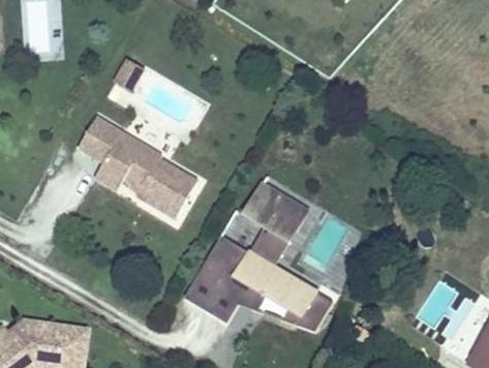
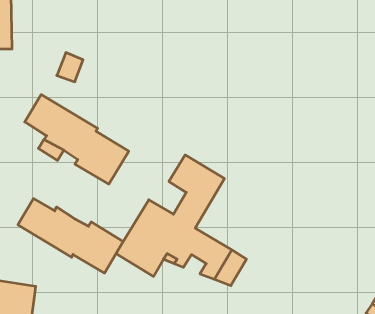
building: none -> [18,199,123,273]

